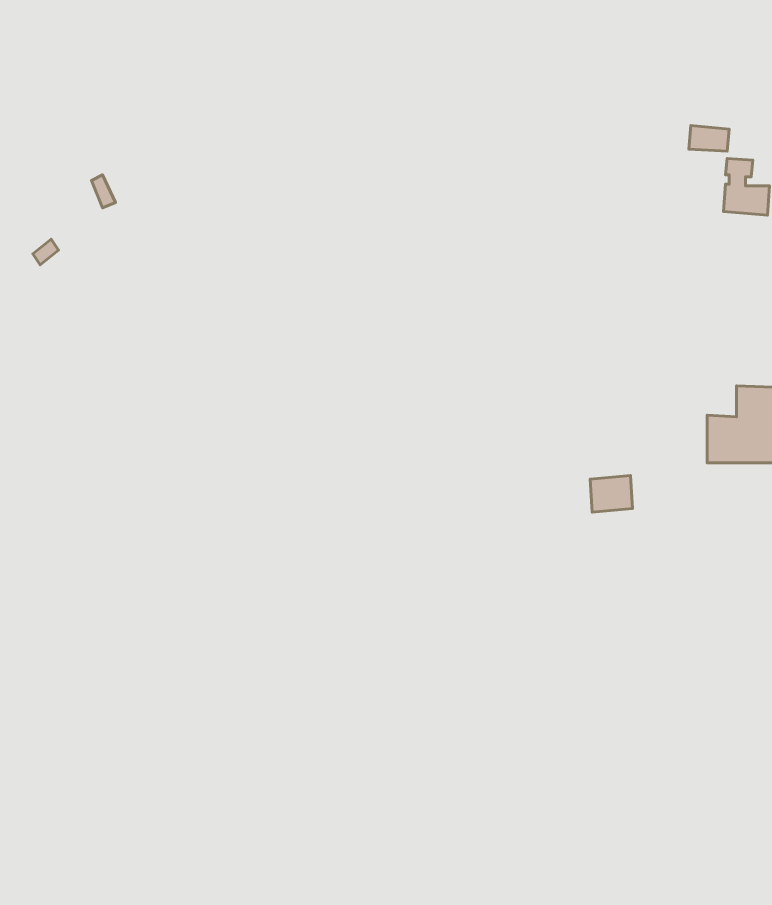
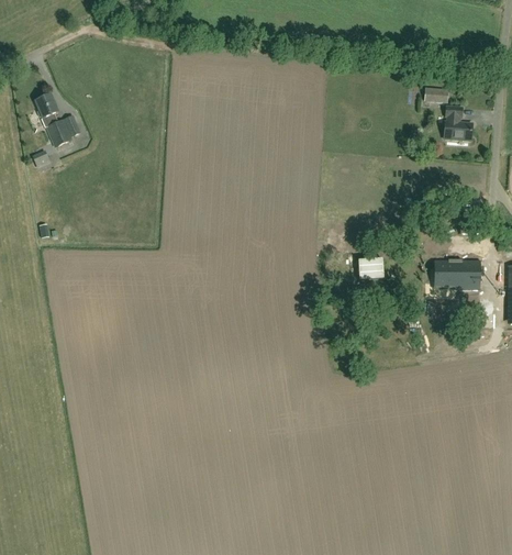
building: none -> [36,95,71,147]
building: [590,475,632,512] -> [359,258,385,280]

